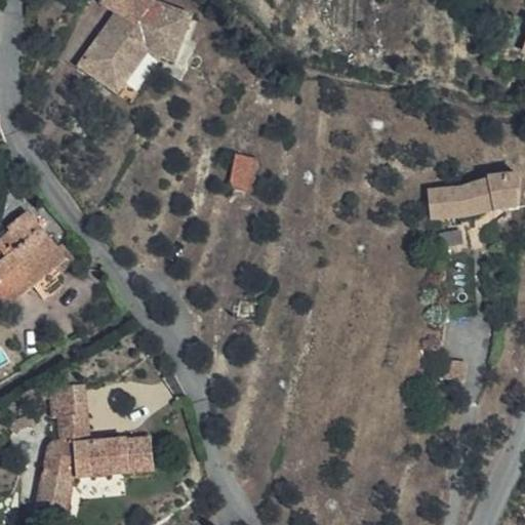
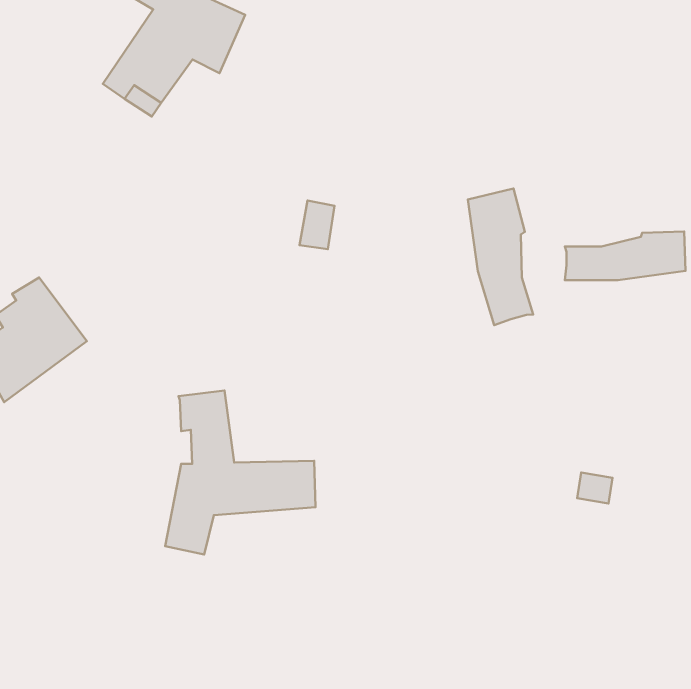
building: none -> [468,189,533,325]
building: [40,383,154,508] -> [165,391,315,554]

